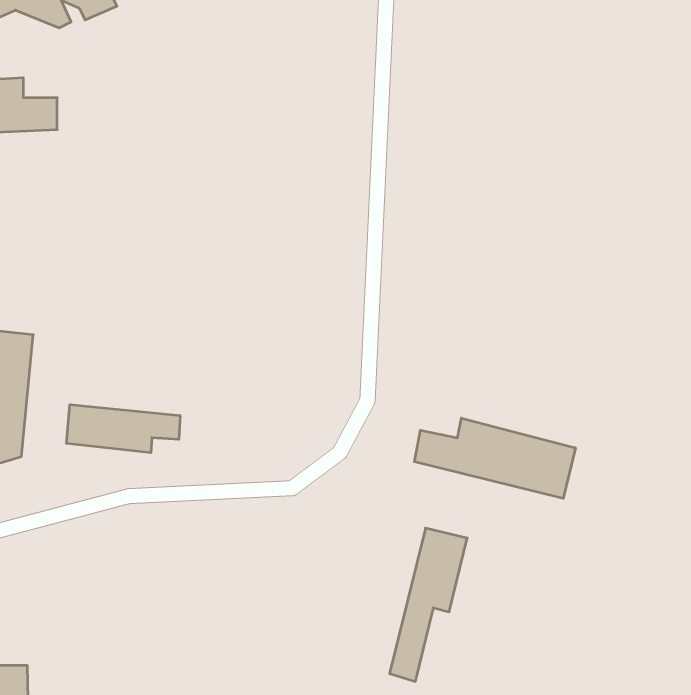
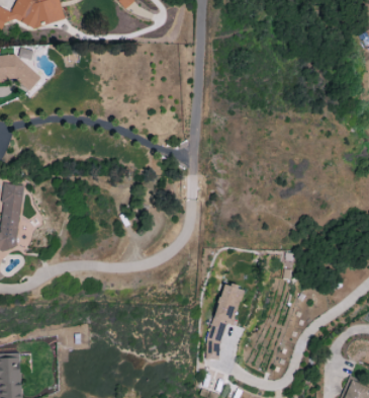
building: [66,405,180,453] -> none
building: [414,418,575,498] -> none

